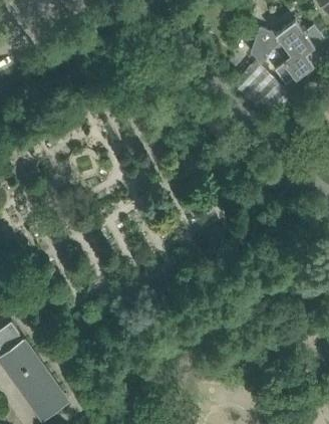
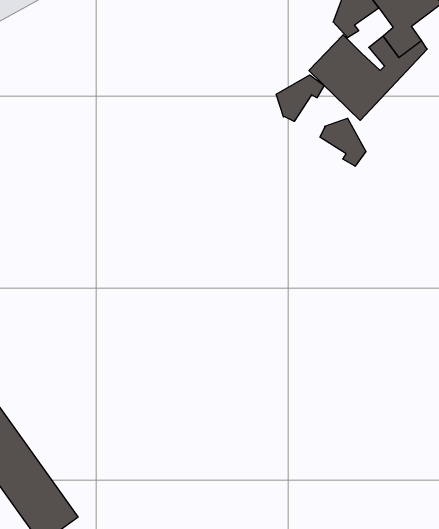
building: none -> [276,75,324,121]
building: none -> [320,118,366,166]

